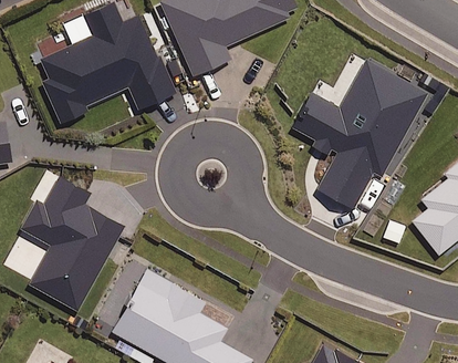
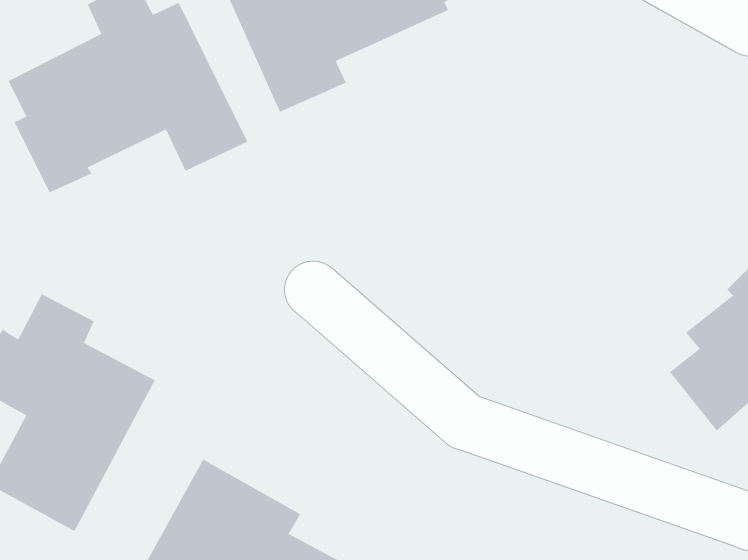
building: [294,59,427,210] -> none

